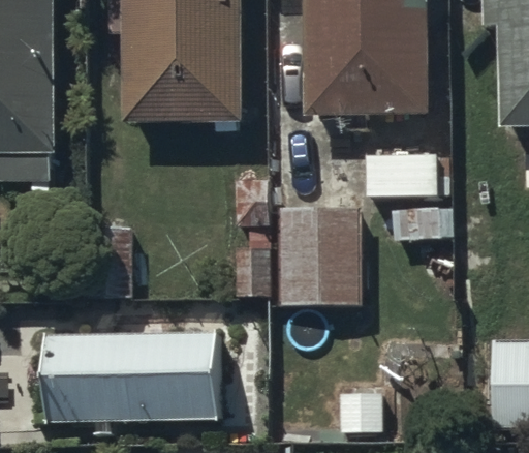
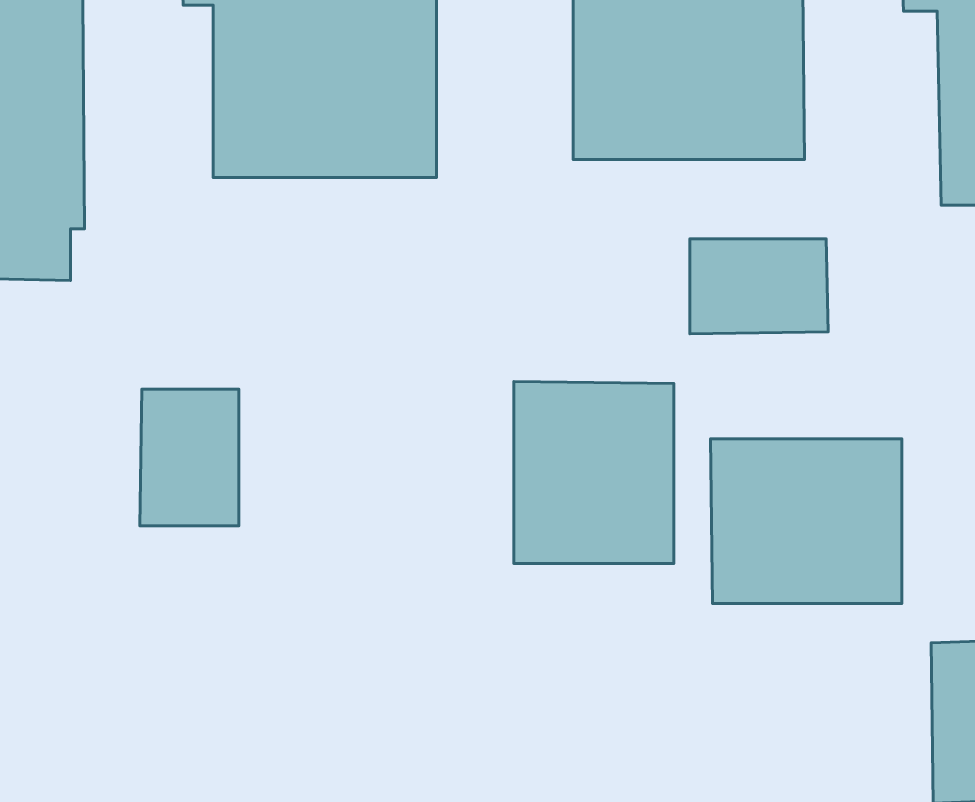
building: none -> [710,439,902,604]
building: [44,334,221,432] -> none

